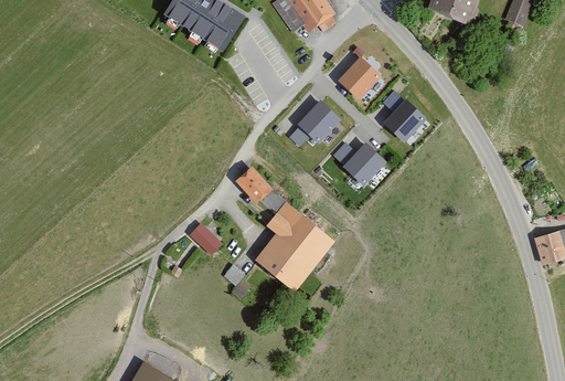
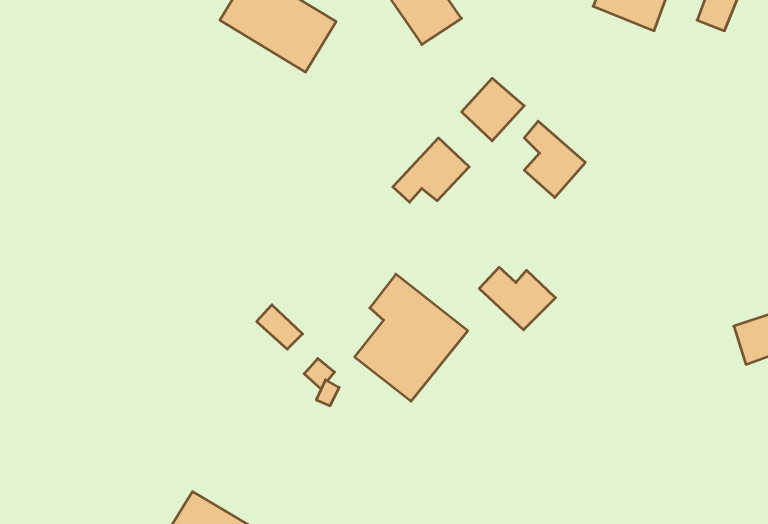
building: [328,142,383,188] -> [479,267,556,330]
building: [237,163,275,202] -> none

